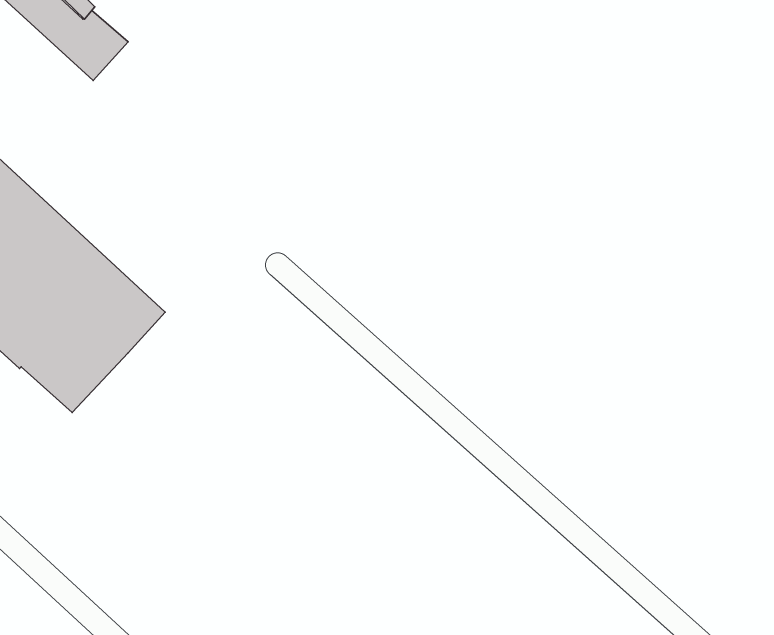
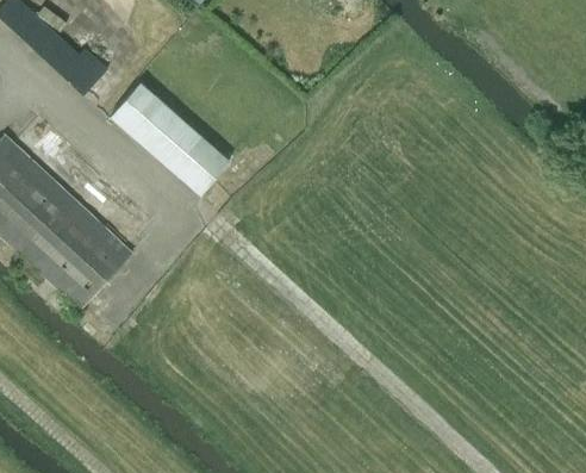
building: none -> [107,81,227,194]

